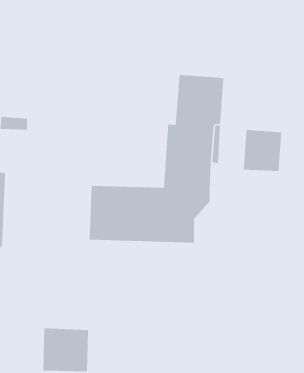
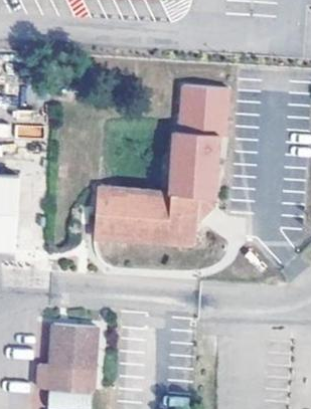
building: [243,129,282,172] -> none

